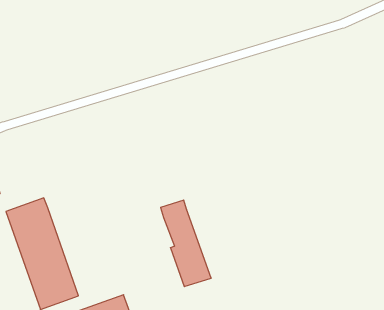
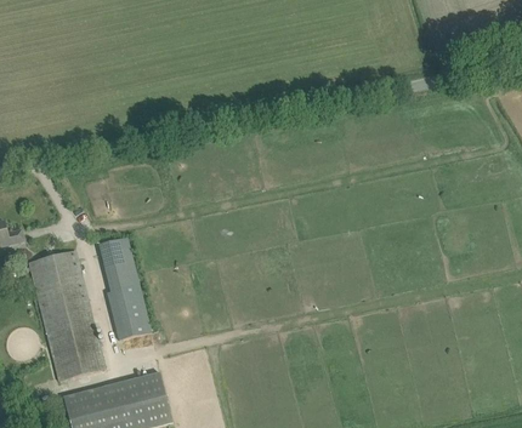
building: [161,200,211,287] -> [98,238,151,339]

